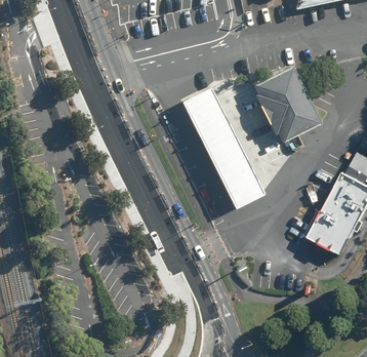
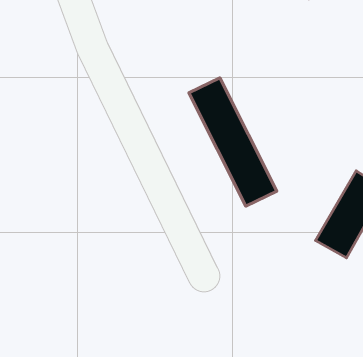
building: [251,68,323,146] -> none

